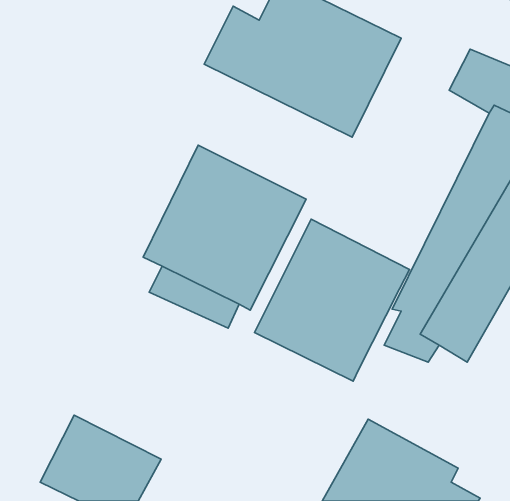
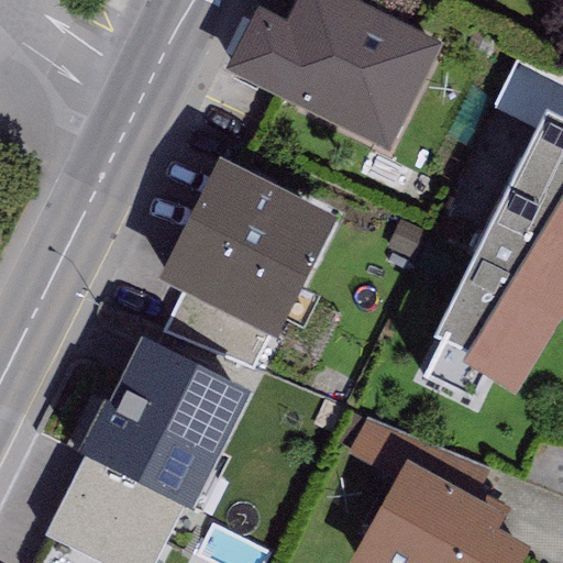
building: [254,219,410,381] -> none
building: none -> [78,336,252,512]

